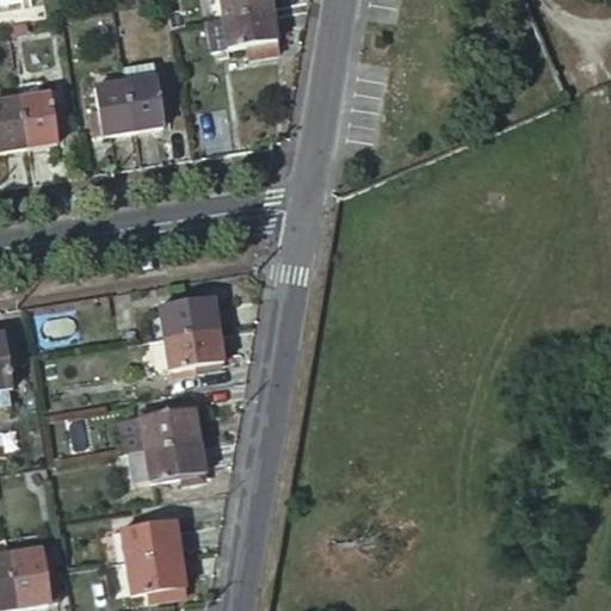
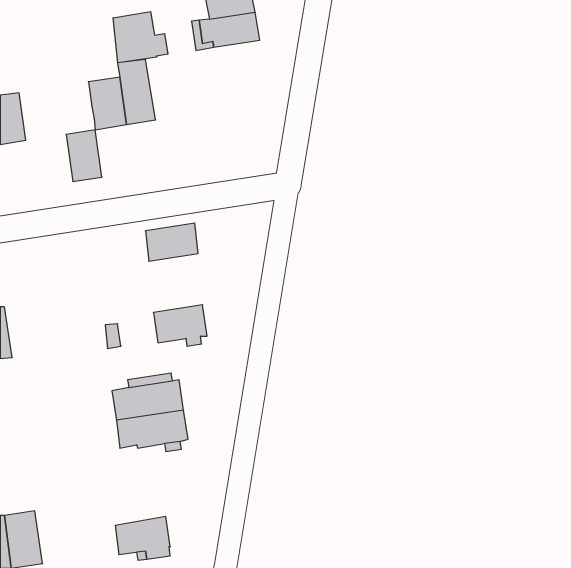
building: none -> [113,12,168,63]
building: [21,94,60,149] -> [66,130,102,181]
building: [161,292,217,333] -> [145,223,198,261]
building: [119,518,178,560] -> none

